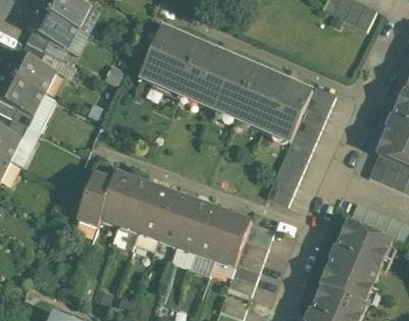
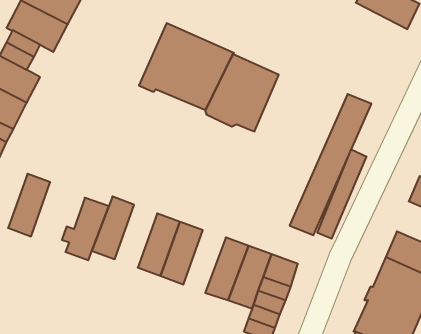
building: [237,68,312,143] -> none
building: [118,178,154,231] -> [8,174,50,236]
building: [176,200,212,253] -> none

